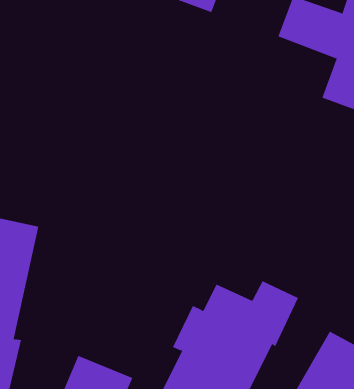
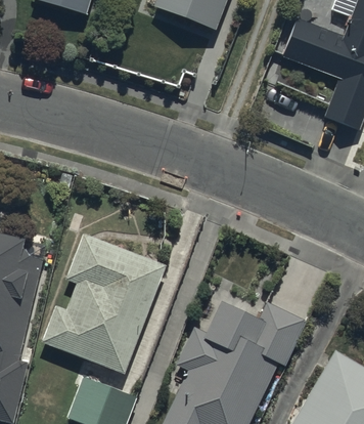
building: none -> [41,232,168,376]

